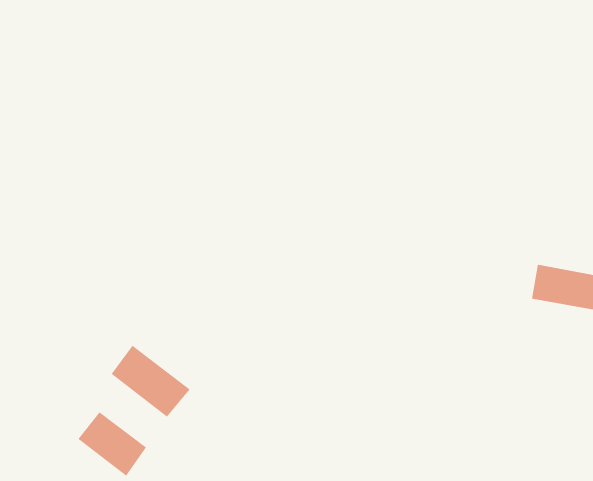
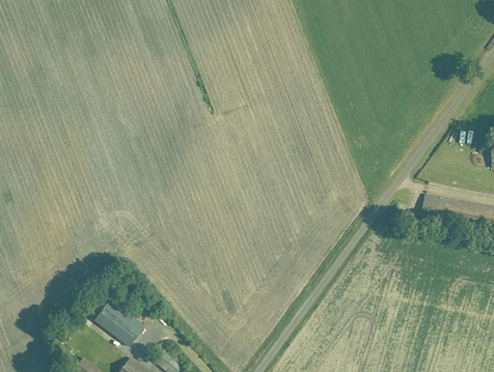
building: [111,345,190,417] -> none

